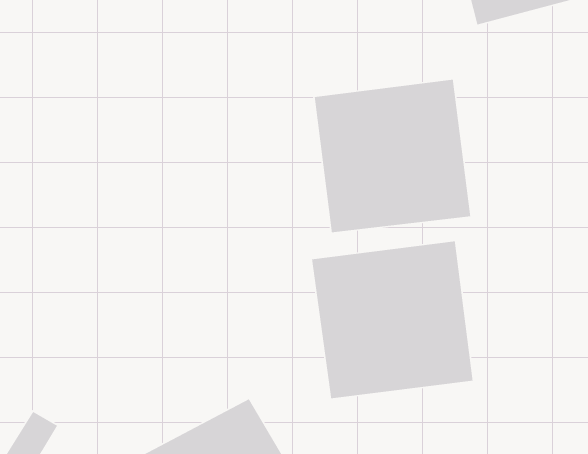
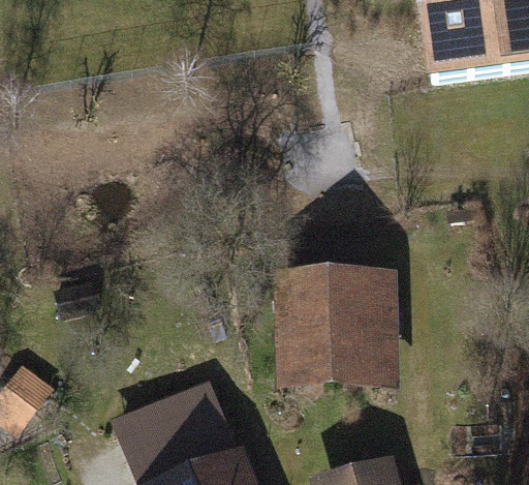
building: [314,79,471,233] -> none

